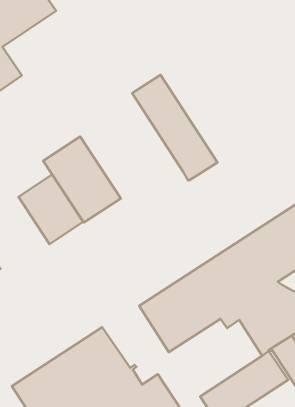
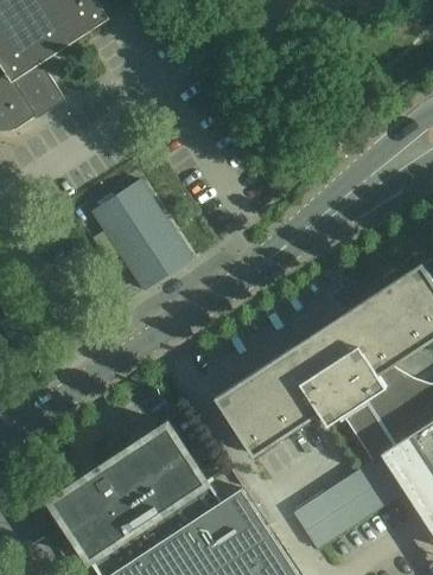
building: [132,75,217,180] -> none
building: [19,175,83,244] -> none

